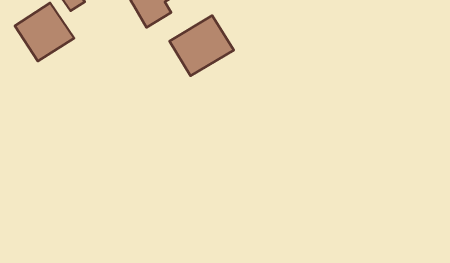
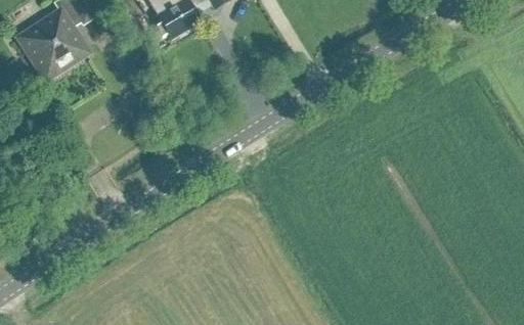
building: [170,15,234,76] -> none

